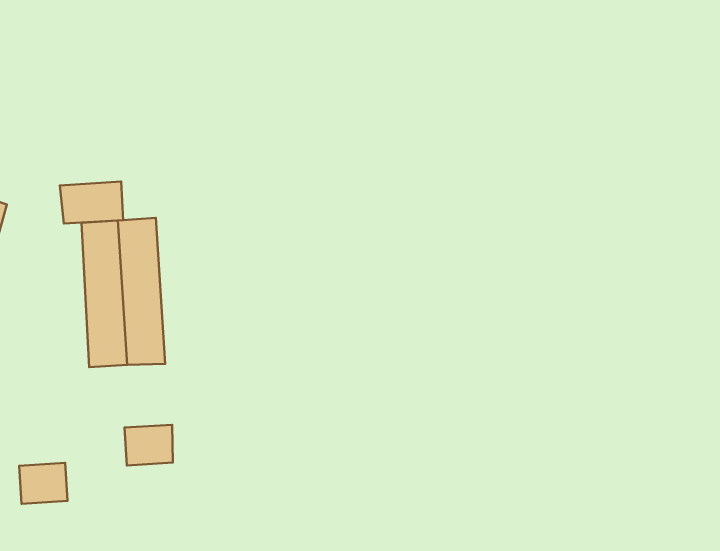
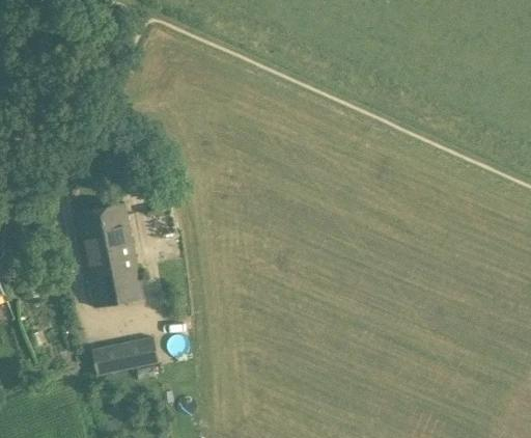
building: [60,182,123,223] -> none
building: [19,463,67,504] -> [95,344,131,375]

